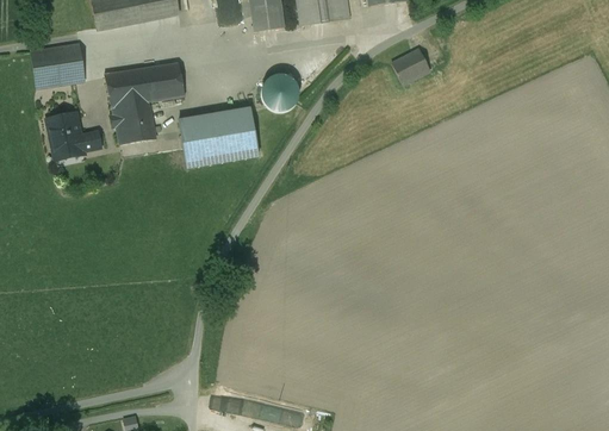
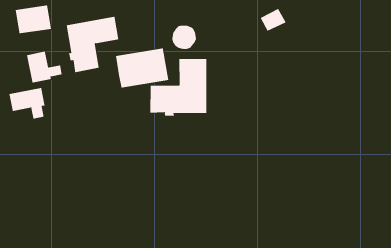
building: none -> [150,58,207,116]
building: none -> [9,87,45,120]

